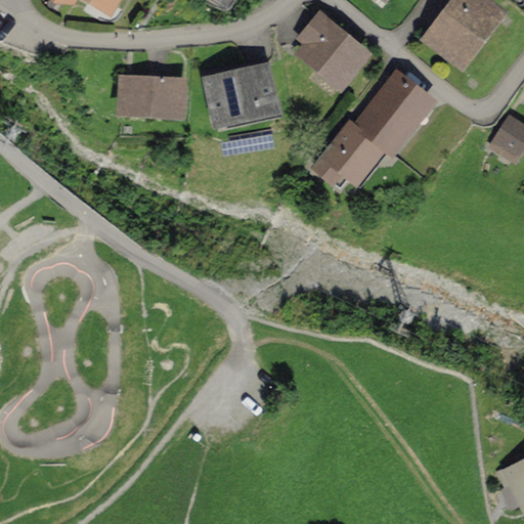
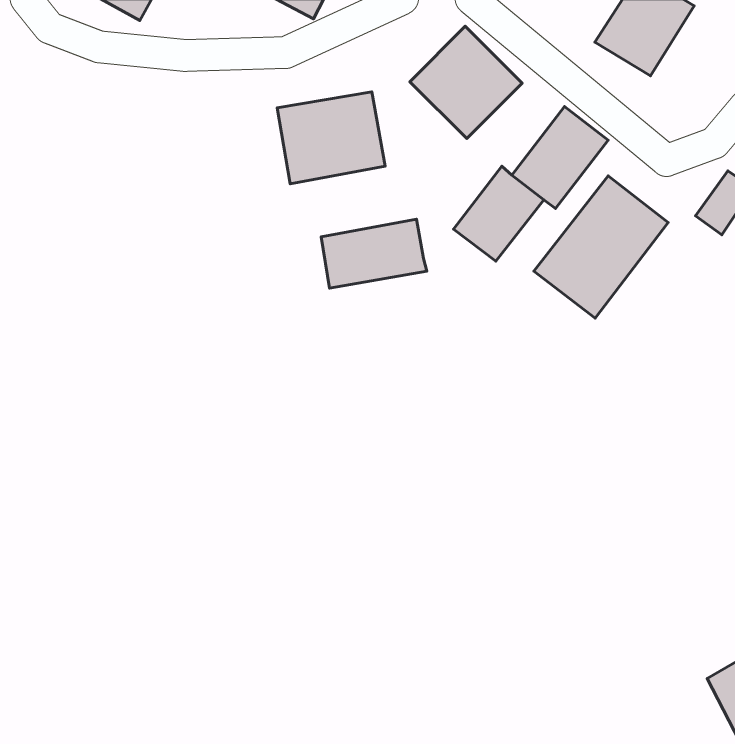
building: [126,71,181,120] -> none
building: none -> [534,176,668,318]
building: none -> [321,219,427,288]

